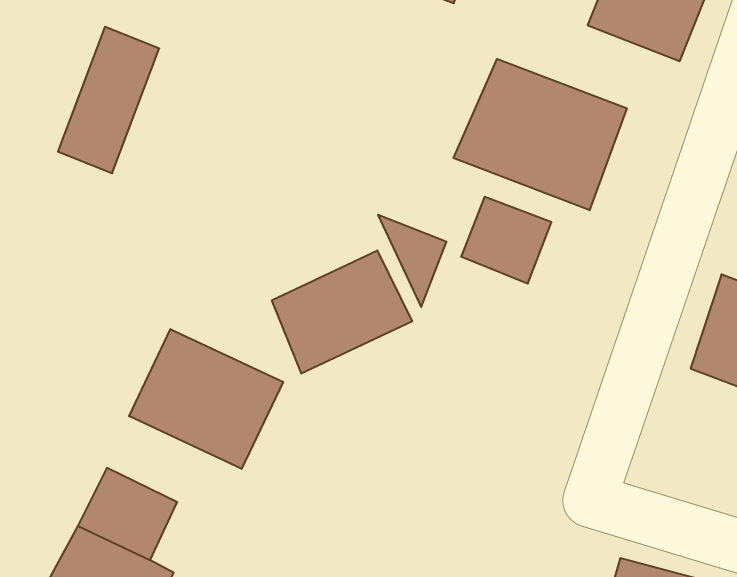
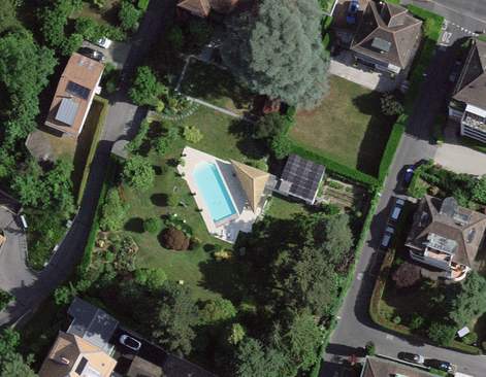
building: [453,59,627,210] -> none
building: [272,250,412,374] -> none
building: [129,329,283,469] -> none

